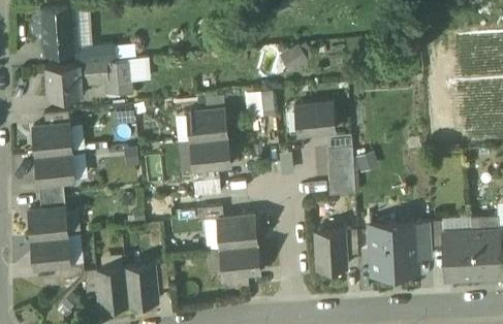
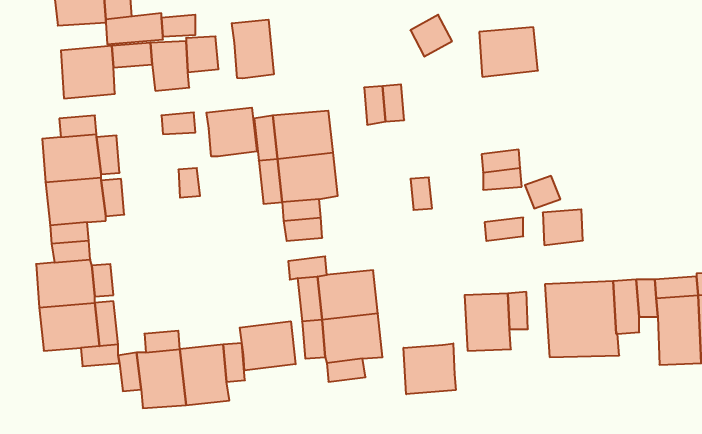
building: none -> [232,20,274,78]
building: [294,101,334,134] -> [479,27,538,77]
building: none -> [206,108,257,156]
building: [326,158,353,182] -> [543,209,583,245]
building: none -> [240,321,296,371]
building: none -> [404,343,456,394]

